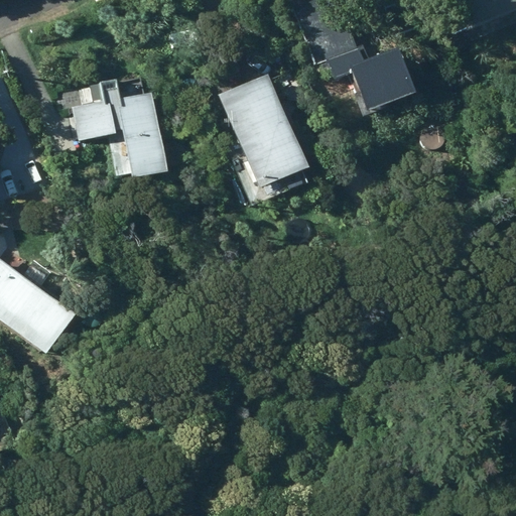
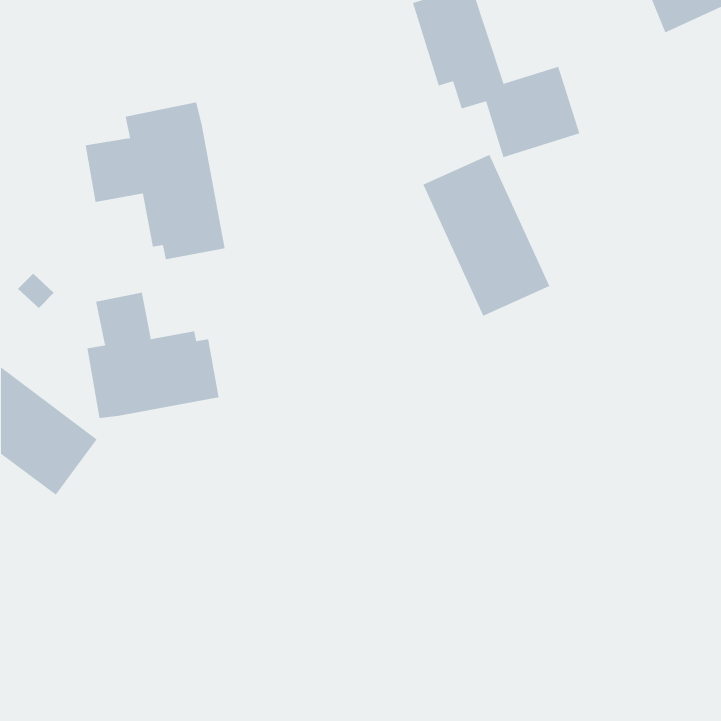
building: [217,74,306,187] -> [422,154,550,316]
building: none -> [87,292,219,419]

